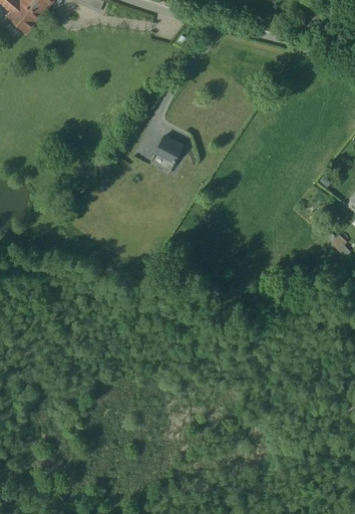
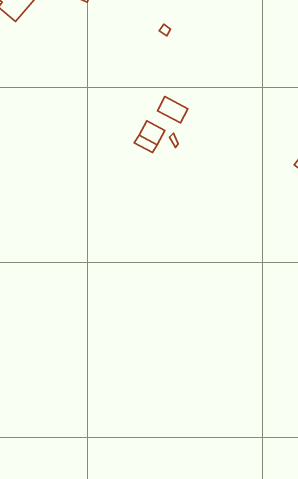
building: none -> [158,97,188,123]

